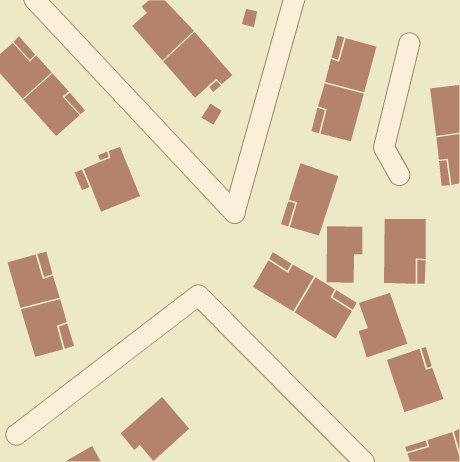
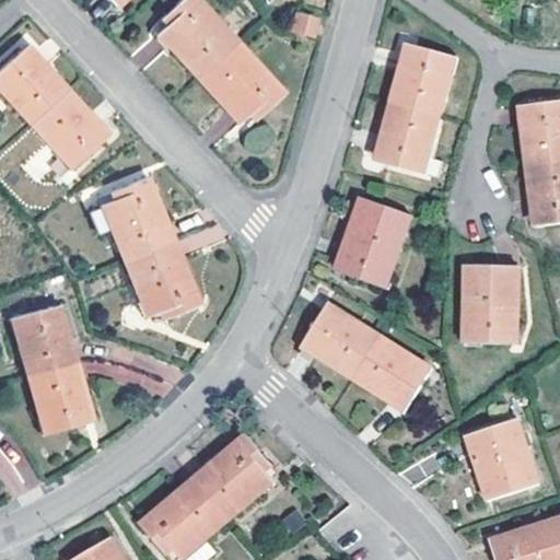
building: none -> [121,237,197,313]
building: [326,226,363,283] -> none
building: [357,292,409,359] -> none
building: none -> [196,432,276,517]

